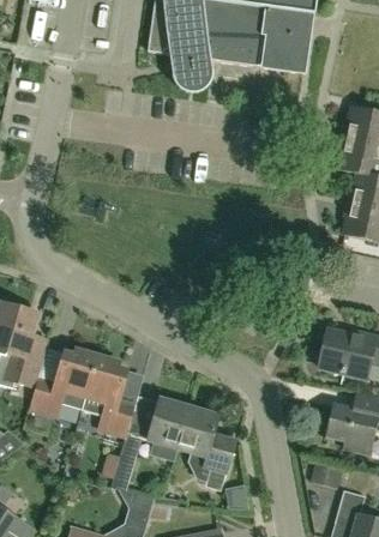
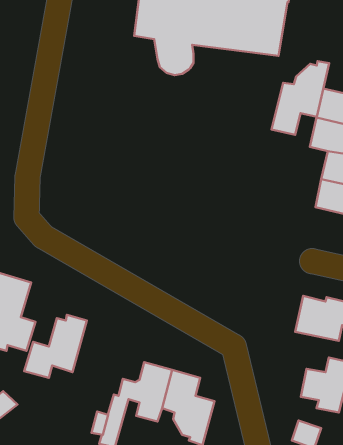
building: none -> [272,61,329,135]
building: [83,355,136,436] -> none

